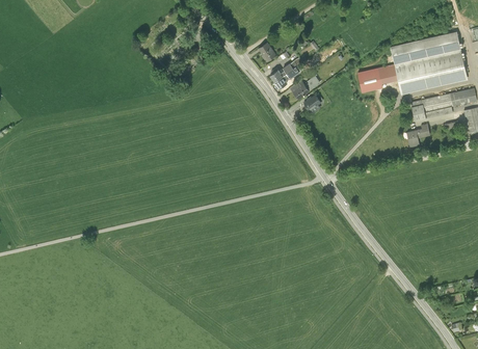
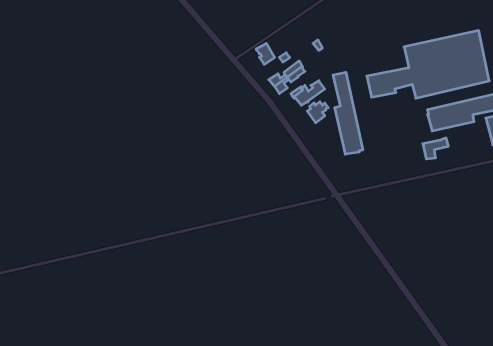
building: none -> [333,72,363,154]

